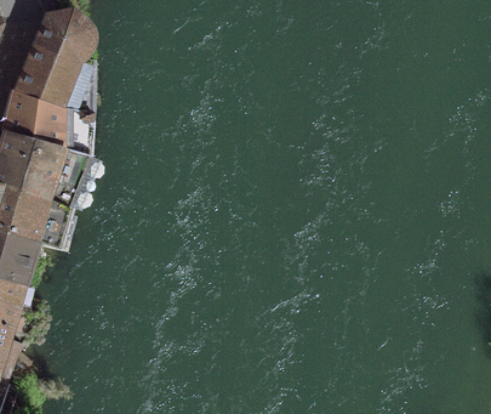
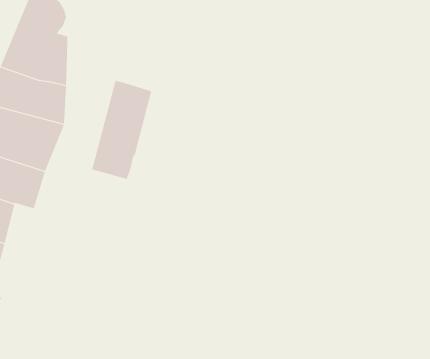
building: none -> [91,80,152,180]

